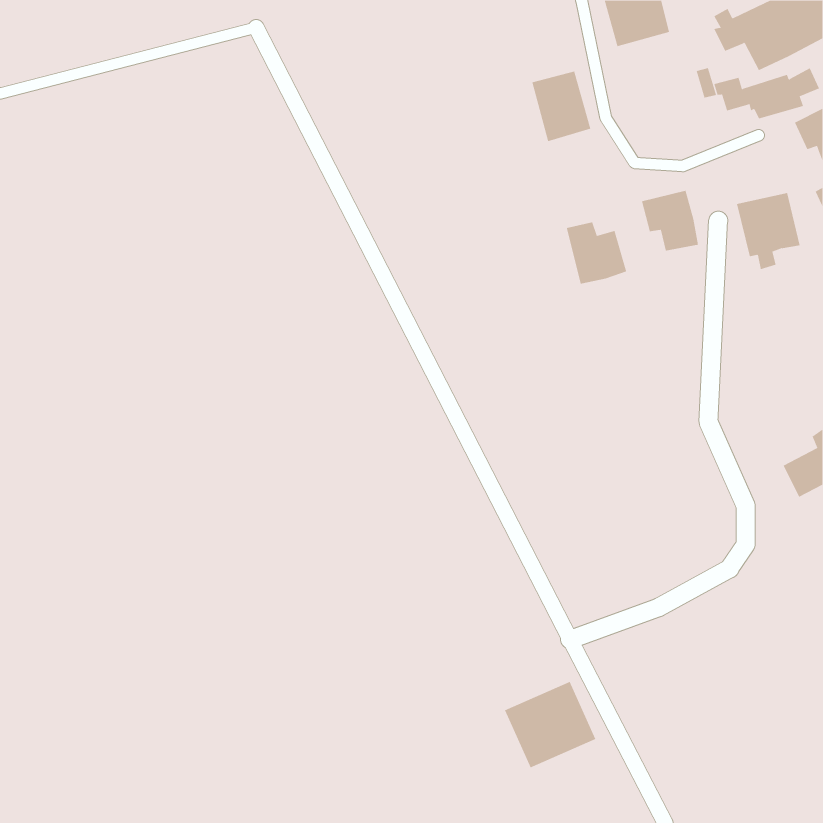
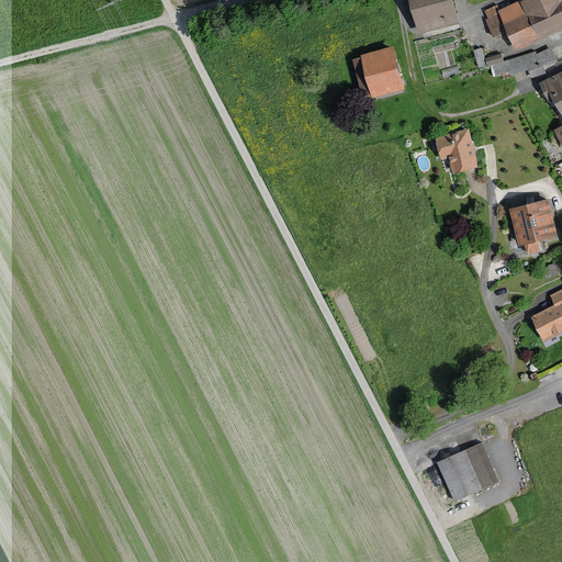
building: [736,192,801,270] -> [512,201,555,254]
building: [566,221,627,285] -> none
building: [504,681,596,768] -> [436,441,498,501]

